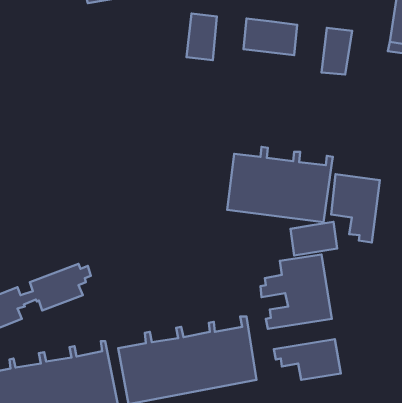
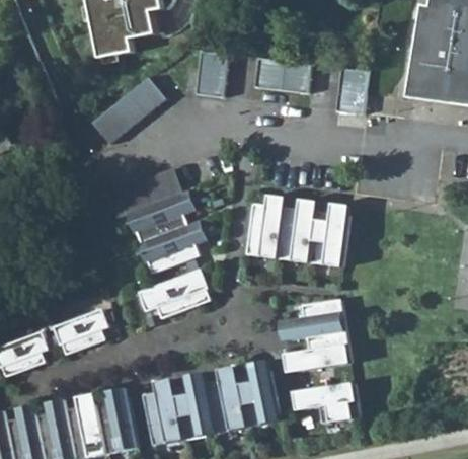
building: none -> [91,81,169,146]
building: none -> [104,168,207,319]
building: [331,174,380,242] -> none
building: [291,222,337,255] -> none

